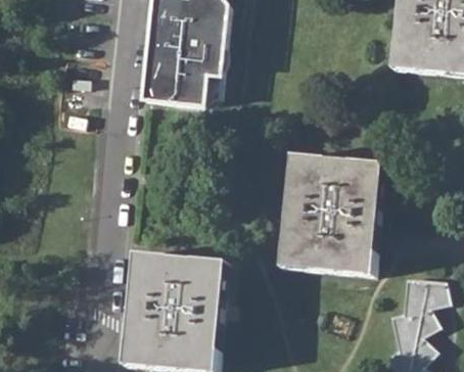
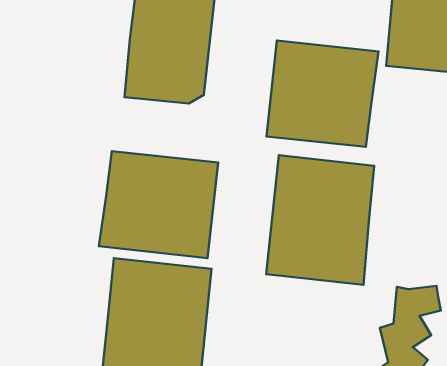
building: none -> [267,41,378,147]
building: none -> [99,151,218,258]

